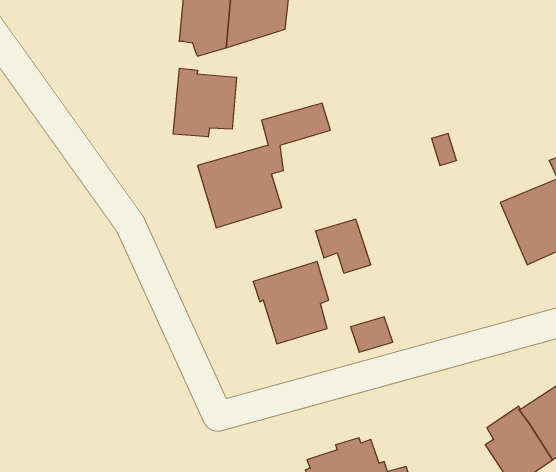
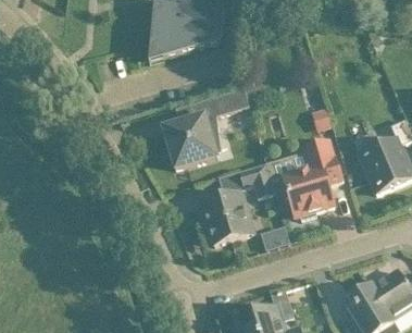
building: [173,68,236,137] -> none
building: none -> [280,138,341,217]

